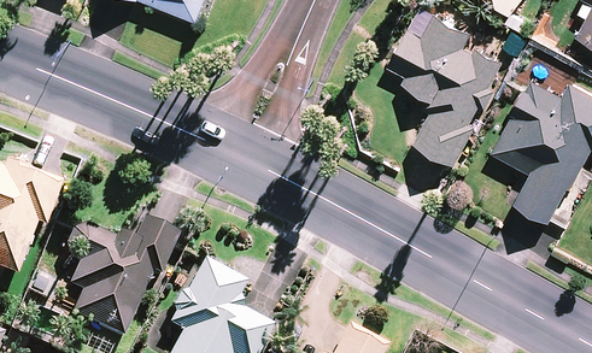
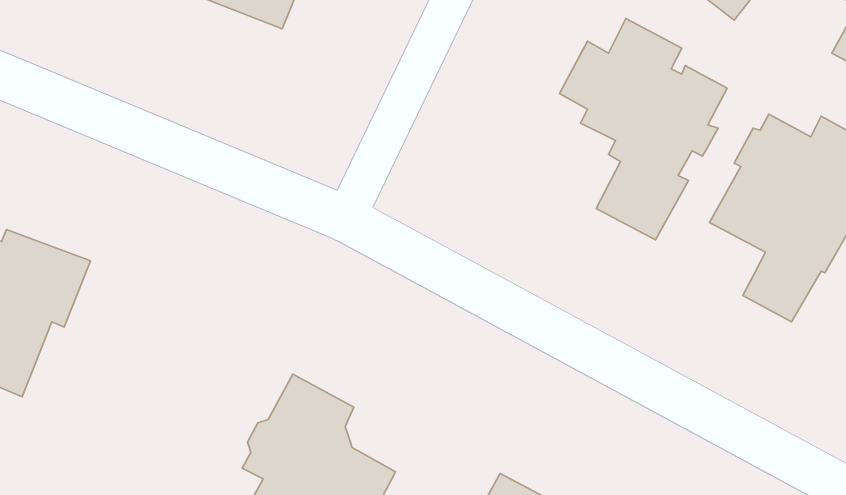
building: [65,220,176,337] -> none

